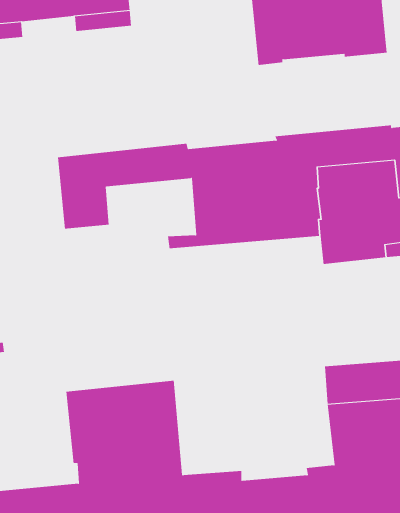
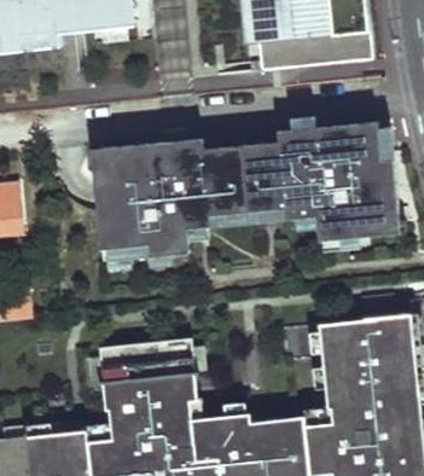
building: none -> [95,167,208,261]

